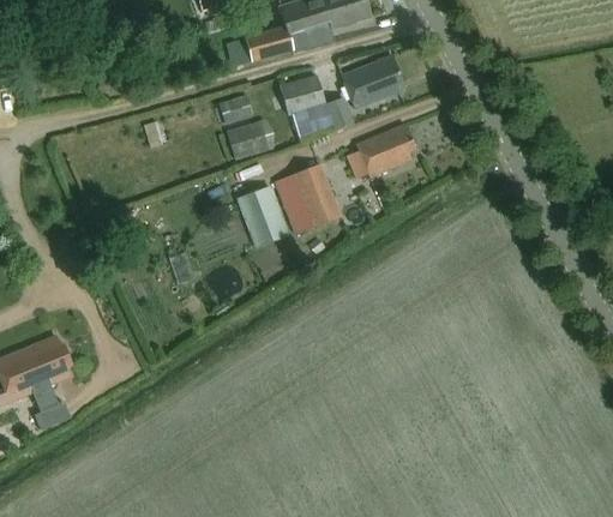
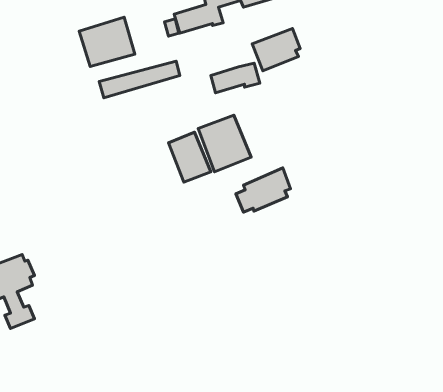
building: none -> [79,17,135,67]
building: [280,76,325,114] -> none
building: [227,118,275,163] -> none
building: [347,122,415,178] -> [236,168,291,212]

